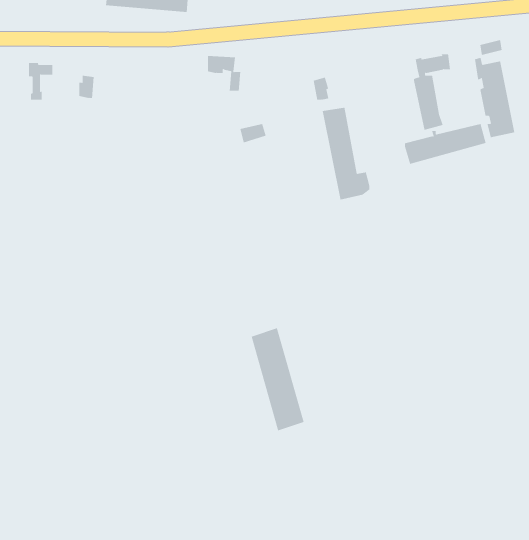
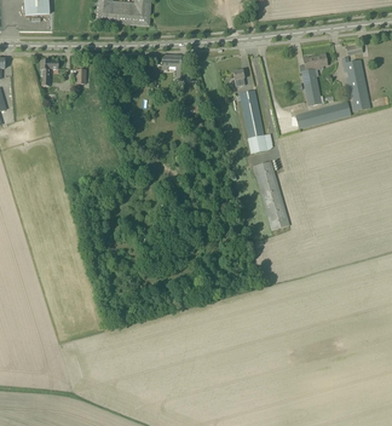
building: [251,328,304,431] -> [253,160,289,230]

